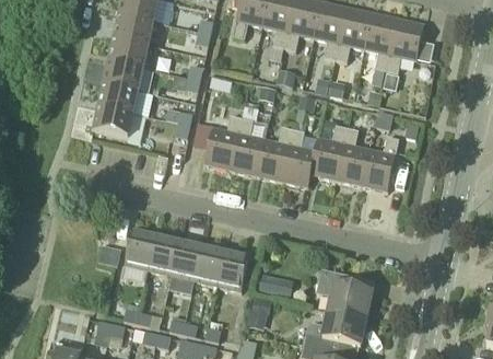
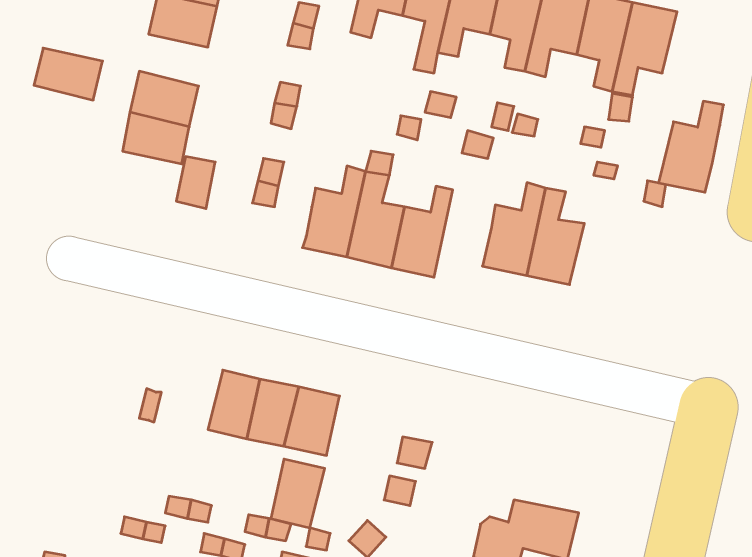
building: [108,37,149,68] -> [34,48,103,100]
building: [93,106,133,138] -> none
building: [282,129,316,186] -> none
building: [362,137,400,190] -> [659,101,724,192]
building: [126,230,157,270] -> none
building: [219,251,250,291] -> [271,459,325,528]
building: [317,269,373,320] -> none

